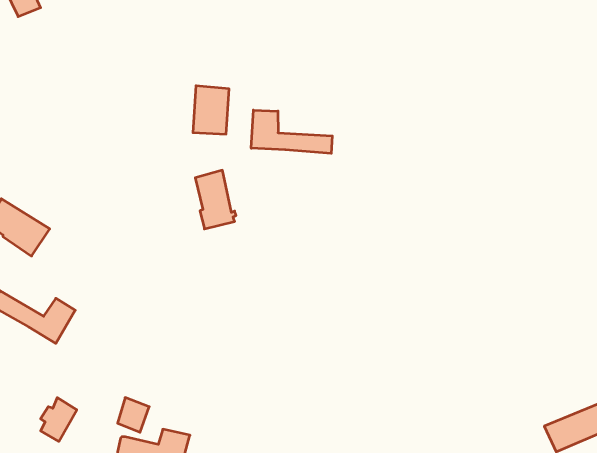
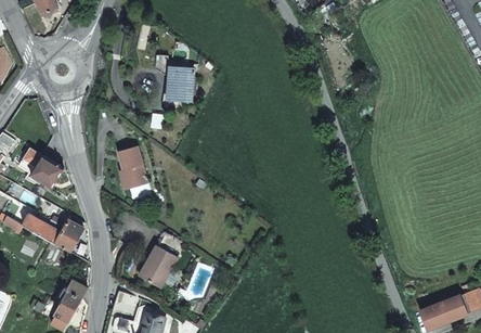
building: [251,110,332,153] -> none
building: [195,170,236,229] -> [118,146,147,189]
building: none -> [140,232,179,289]

